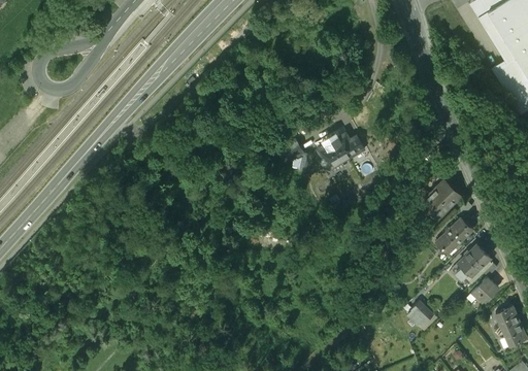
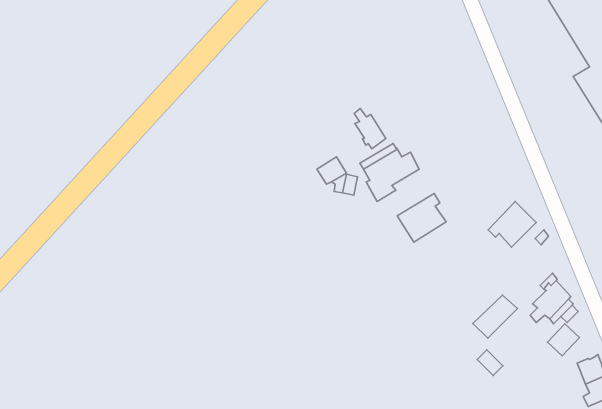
building: none -> [354,108,386,149]
building: none -> [397,194,446,242]
building: [435,220,472,256] -> [473,295,517,338]

